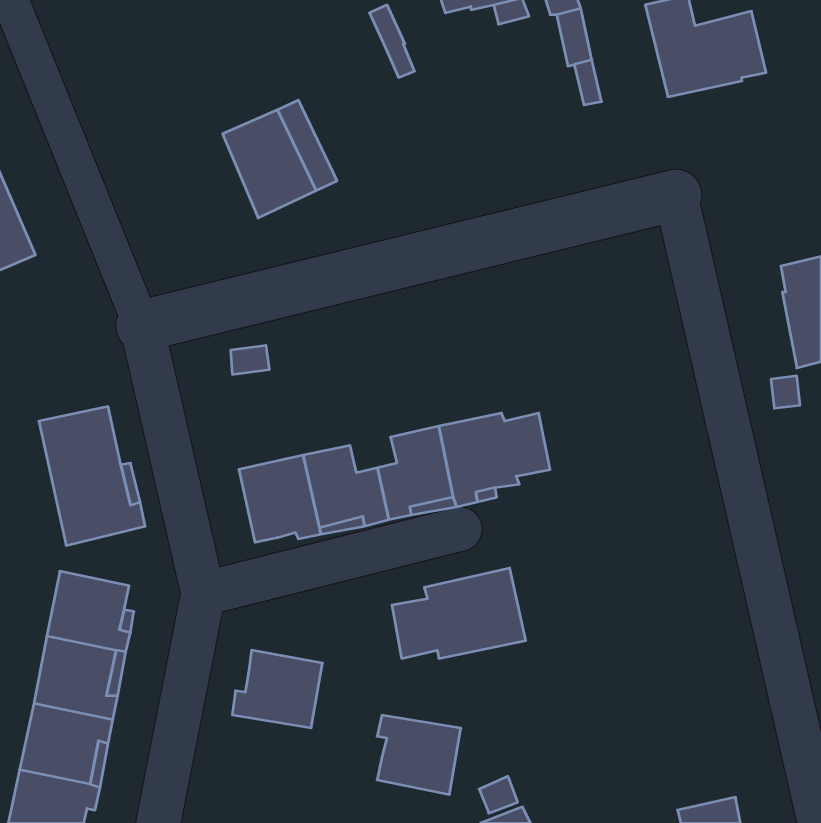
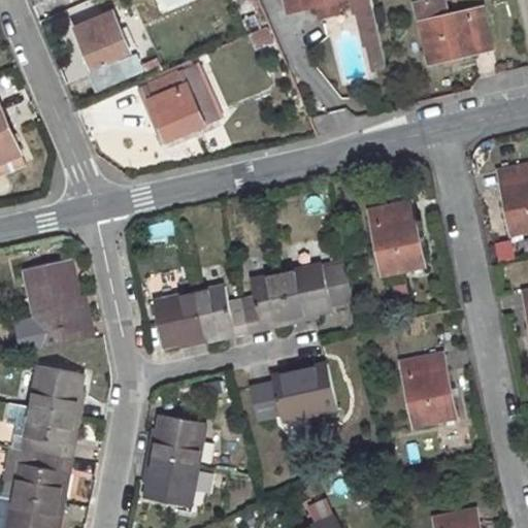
building: none -> [73,11,136,88]
building: none -> [369,202,423,274]
building: none -> [401,354,454,425]
building: [377,715,461,794] -> [145,457,199,507]

